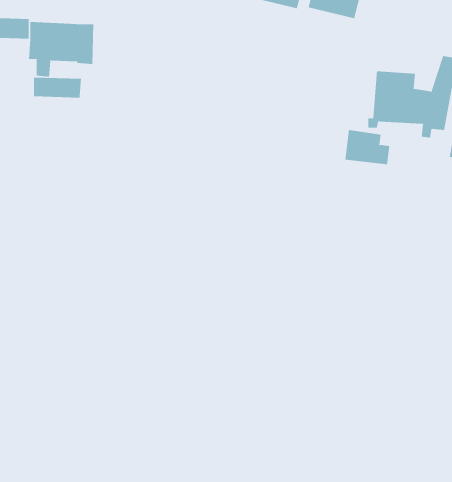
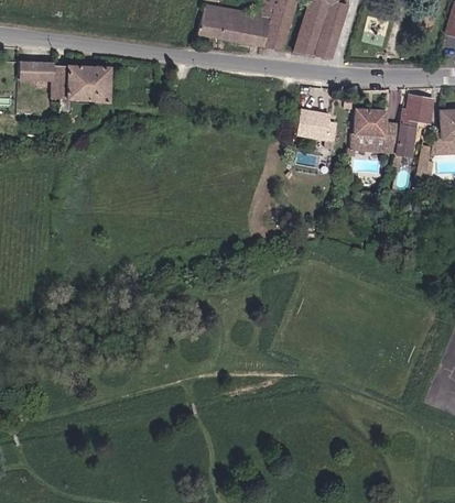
building: [34,77,81,98] -> none
building: [345,129,390,165] -> [296,109,336,140]

